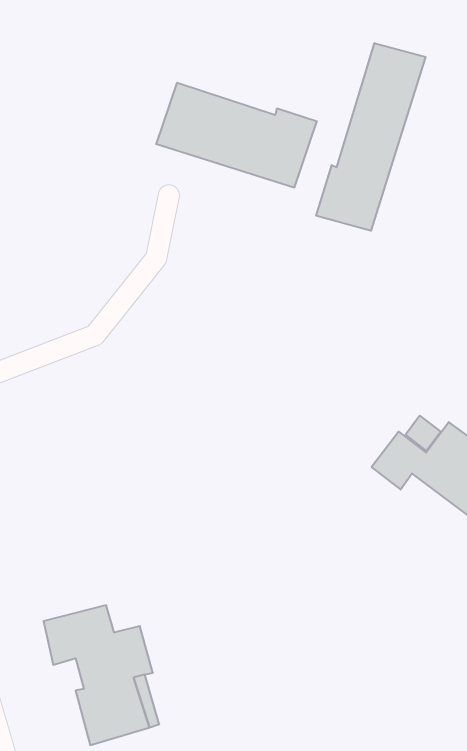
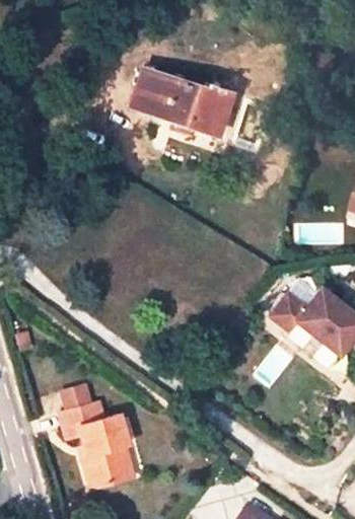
building: [316,43,426,231] -> none

